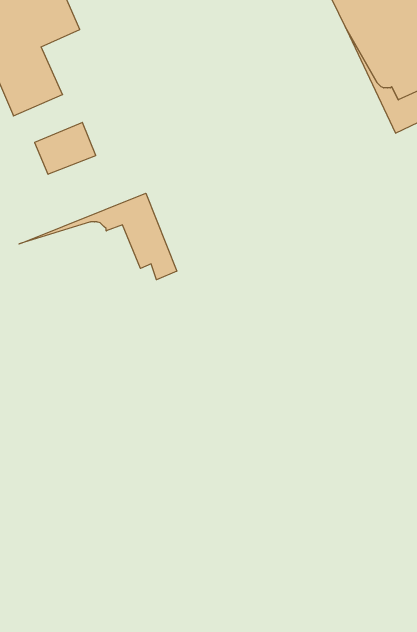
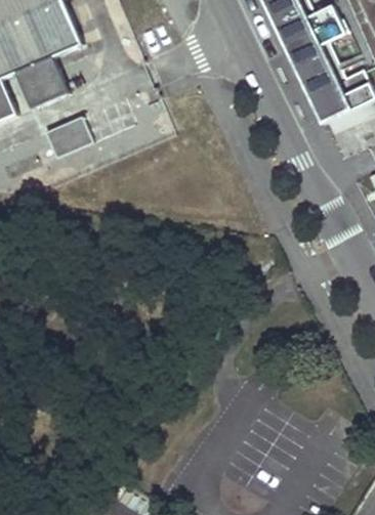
building: [19,193,177,280] -> none

